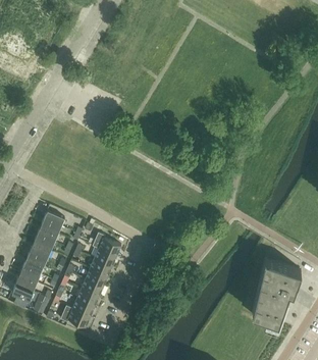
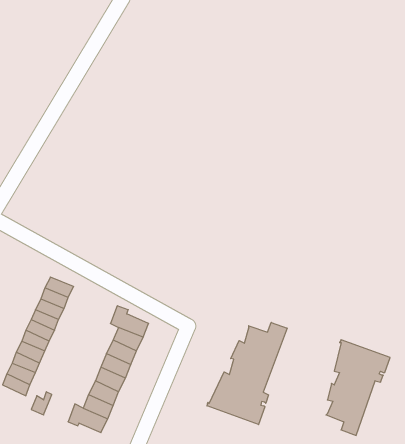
building: none -> [207,322,287,425]

